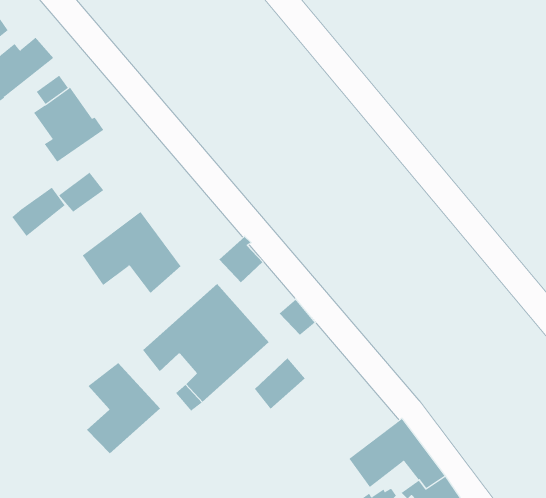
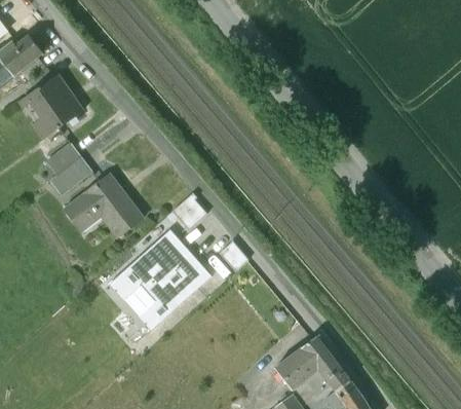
building: [12,187,65,237] -> [50,157,92,196]
building: [254,357,306,410] -> none
building: [86,362,161,454] -> none

